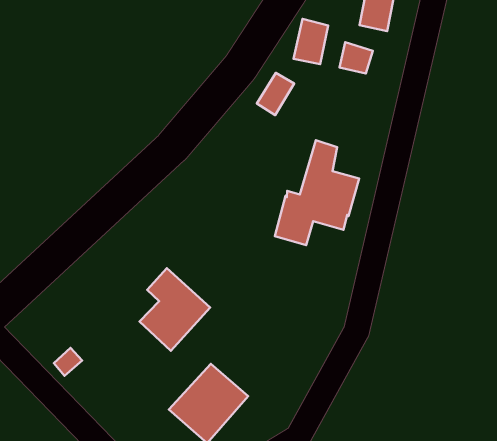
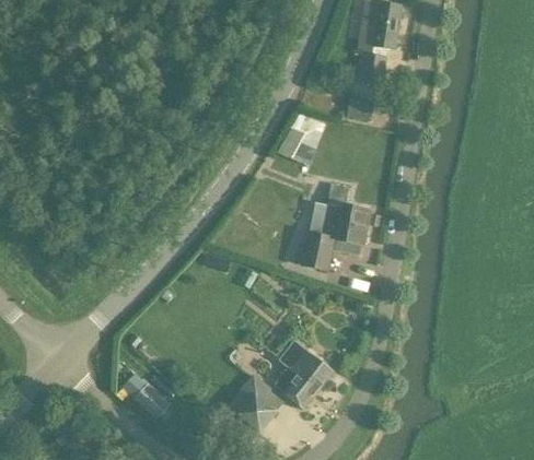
building: [293,19,328,64] -> none
building: [140,268,210,351] -> [274,338,333,408]
building: none -> [132,380,170,417]

